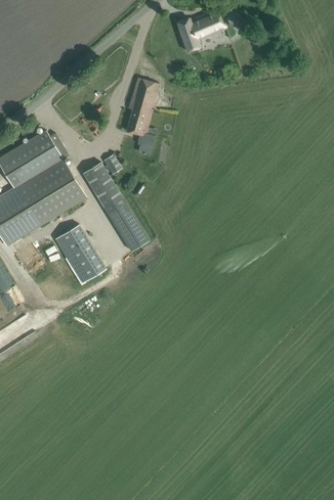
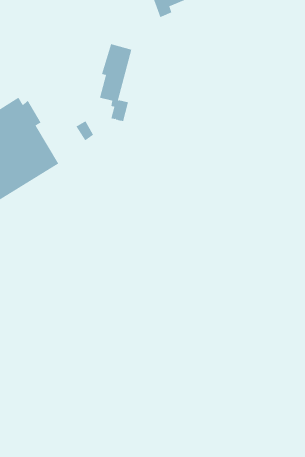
building: [82,163,149,252] -> none
building: [57,224,103,279] -> none

